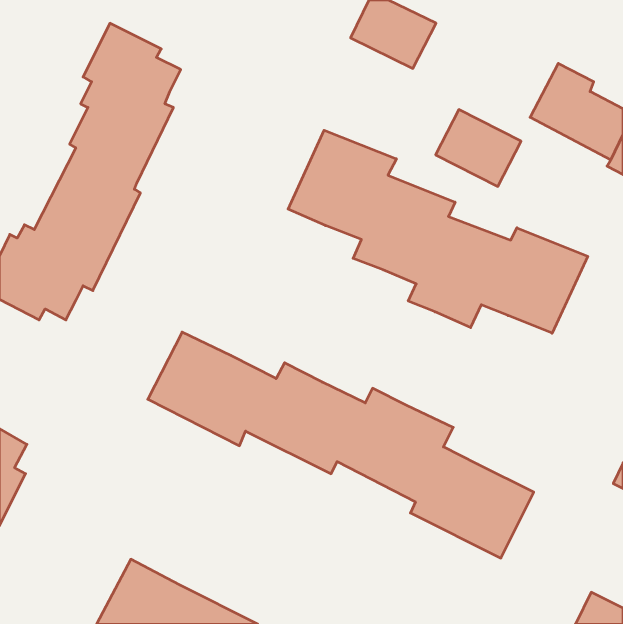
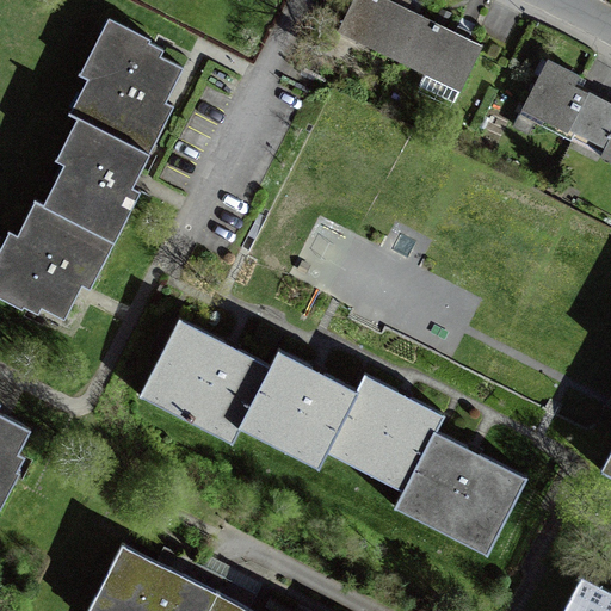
building: [436,110,521,186] -> [403,23,487,98]
building: [288,130,588,333] -> none

